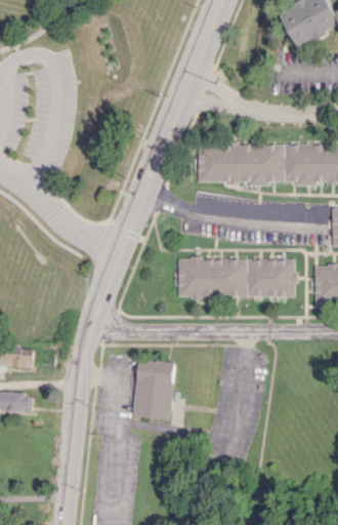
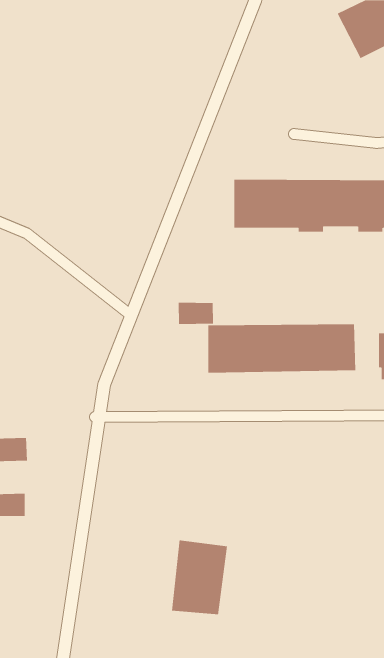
building: none -> [178,302,213,325]
building: [135,358,180,417] -> [171,540,228,615]

